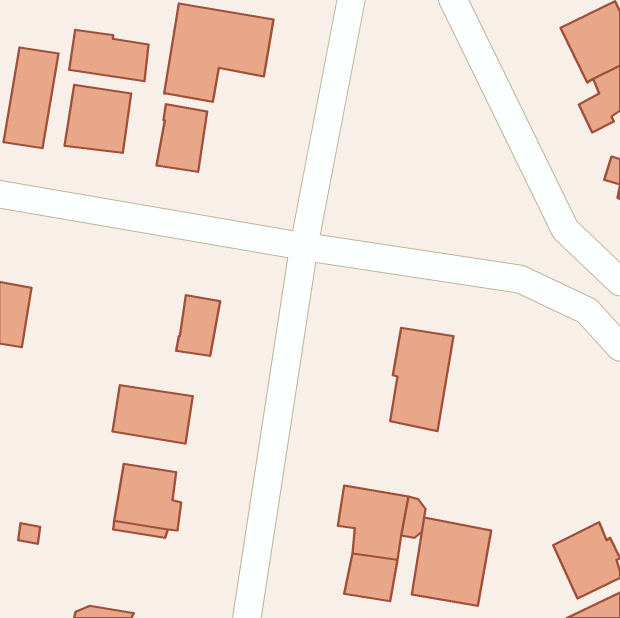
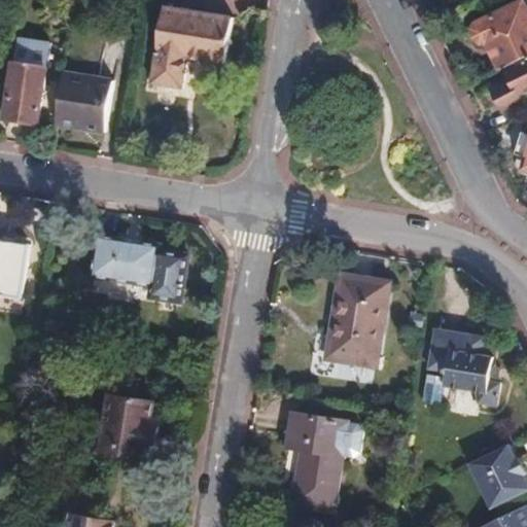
building: [69,30,149,81] -> none
building: [157,104,207,172] -> none
building: [113,385,193,444] -> [91,236,159,285]
building: none -> [425,327,498,405]
building: [412,517,491,606] -> none

